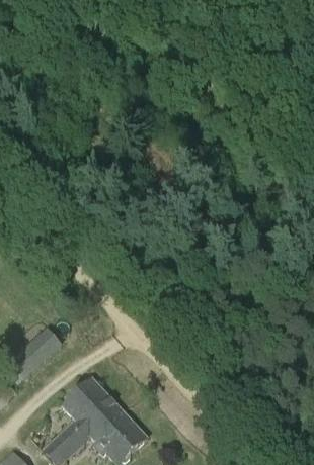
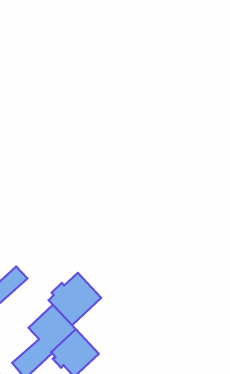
building: none -> [49,273,101,325]

